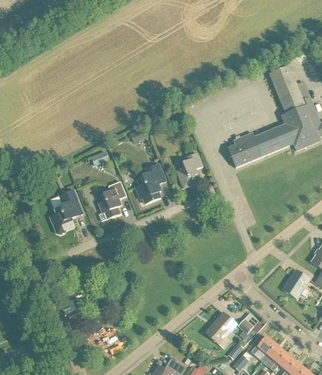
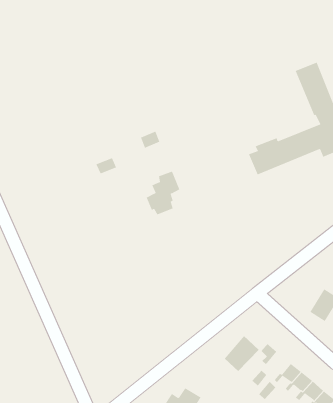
building: [176,153,202,188] -> none
building: [97,181,126,221] -> none
building: [49,189,82,234] -> none

